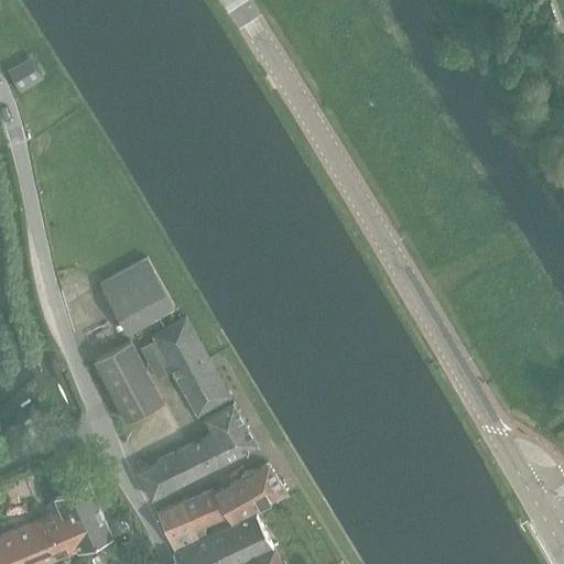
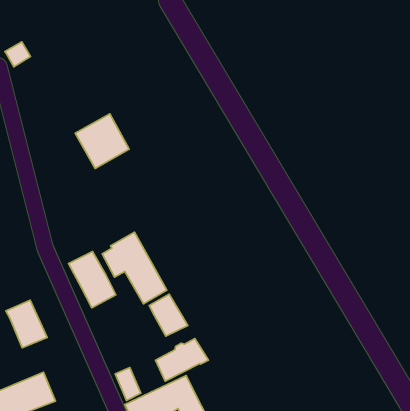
building: [98,258,172,333] -> [75,114,129,169]
building: [135,433,227,500] -> none
building: [54,485,110,550] -> [6,300,47,348]
building: [177,489,226,539] -> none

